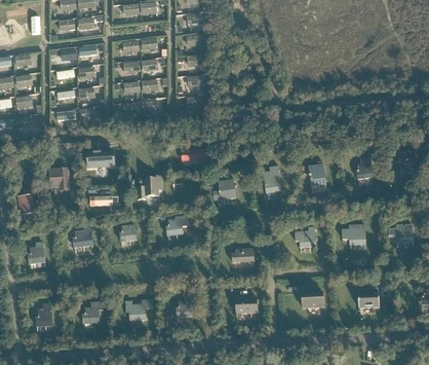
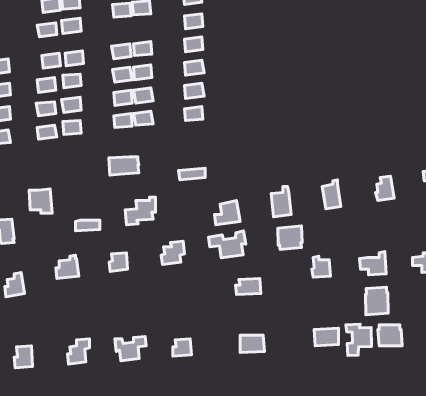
building: [86,151,113,168] -> [109,157,139,175]
building: none -> [278,226,302,250]
building: none -> [209,231,246,258]
building: none -> [366,287,388,315]
building: none -> [346,324,371,355]

